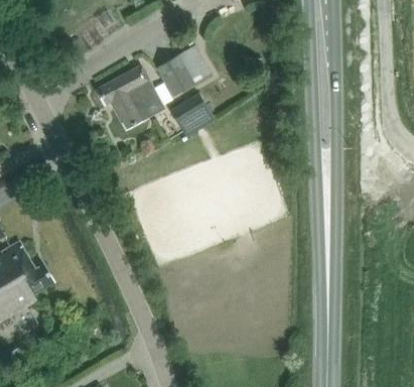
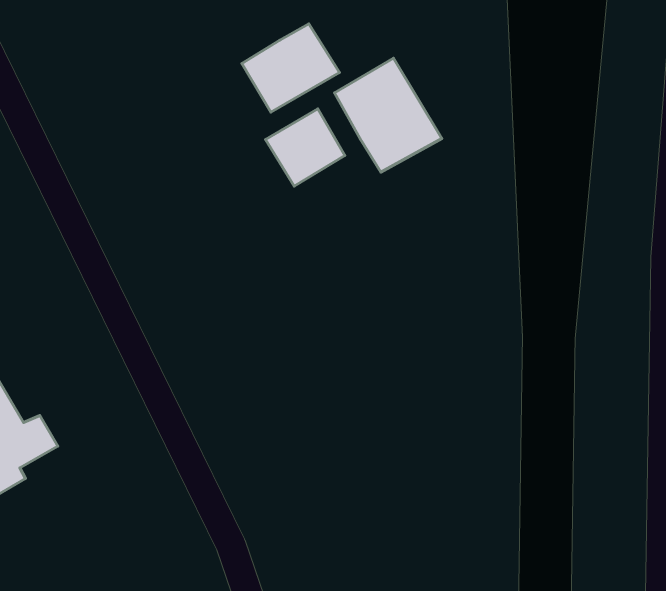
building: none -> [334,58,442,172]
building: [97,66,163,129] -> none

